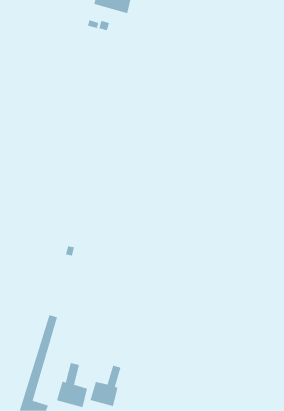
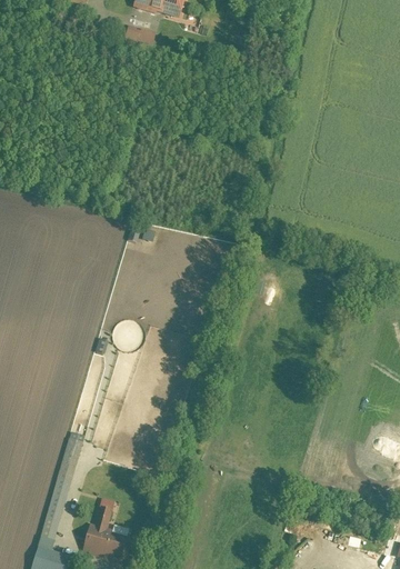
building: [90,365,121,407] -> none

